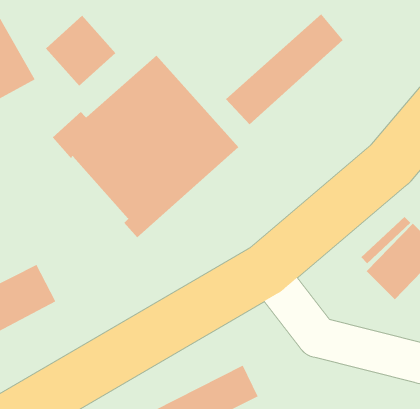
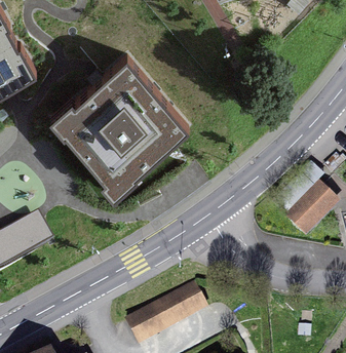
building: [225,13,344,125] -> none
building: [45,15,116,87] -> none

